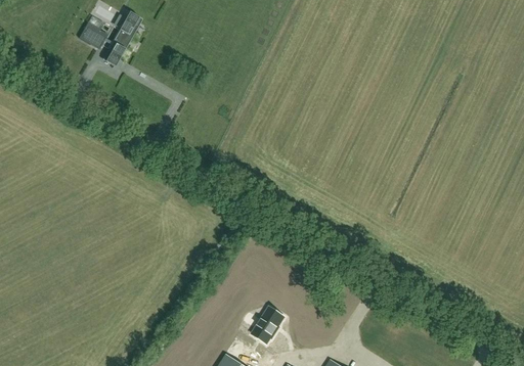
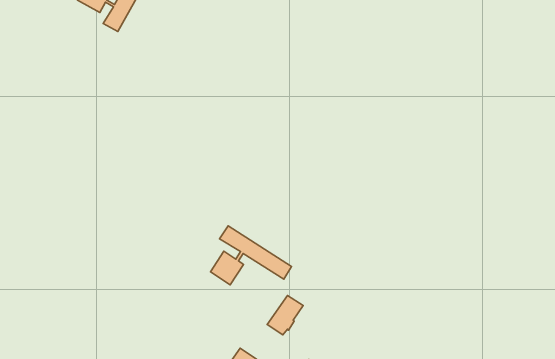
building: none -> [210,226,292,285]

